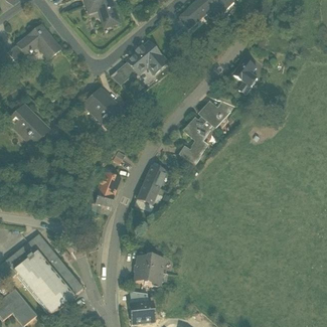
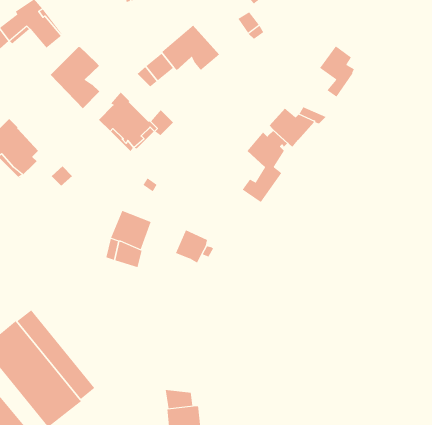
building: none -> [50,46,100,109]
building: [144,162,168,188] -> none
building: [135,256,164,285] -> none

